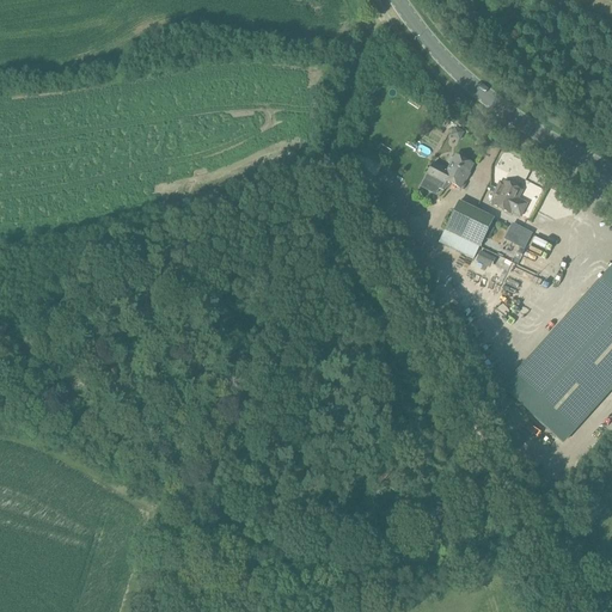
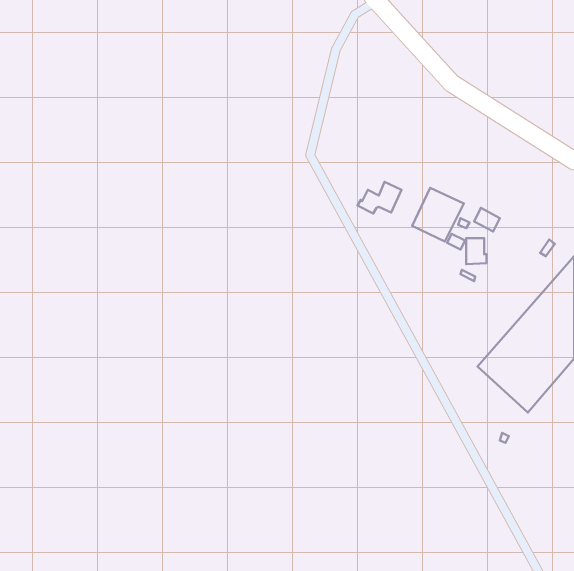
building: [426,154,472,188] -> [358,182,401,213]
building: [492,179,526,213] -> none

